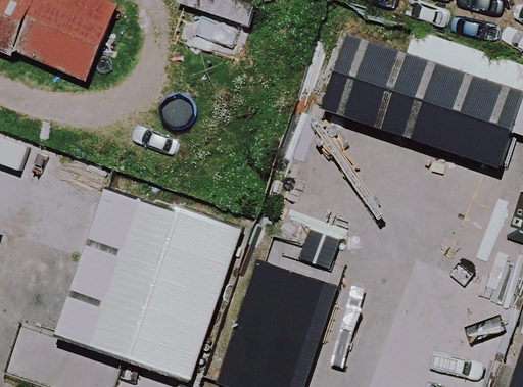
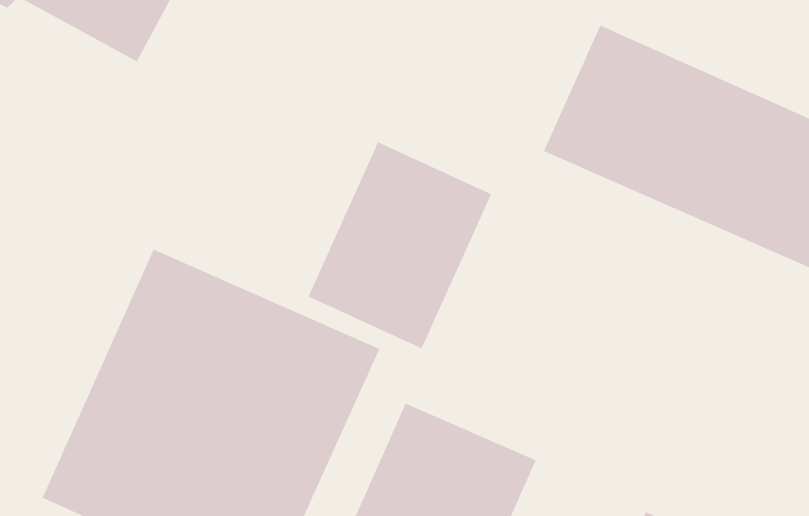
building: none -> [308,142,492,349]

